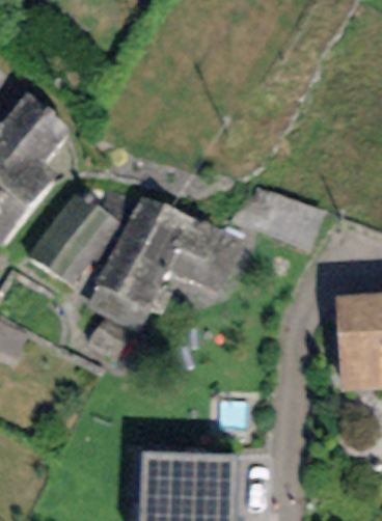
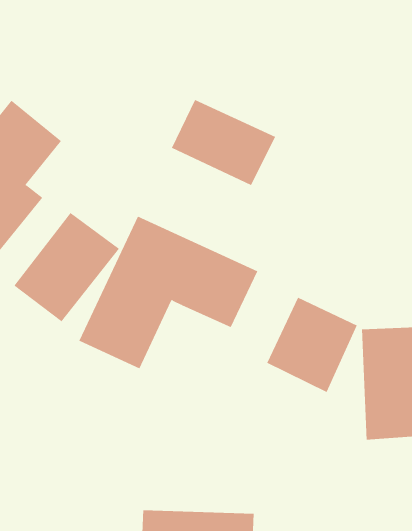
building: none -> [171,99,276,186]
building: none -> [267,297,357,393]

